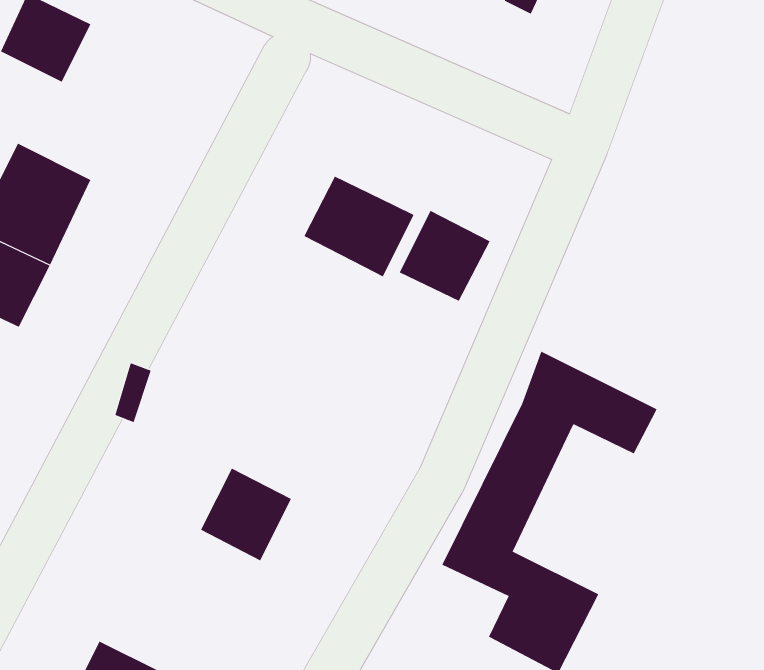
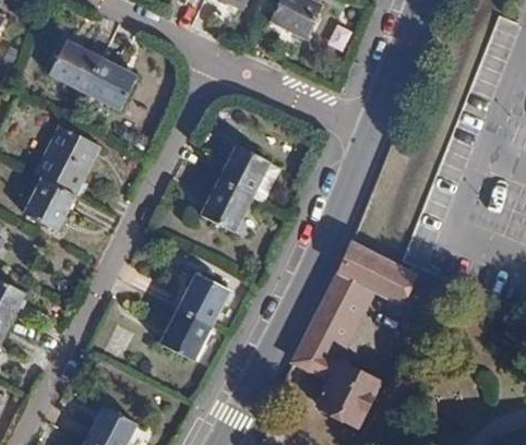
building: none -> [83,58,134,108]
building: [399,210,490,302] -> [201,177,252,228]
building: none -> [178,273,230,324]

